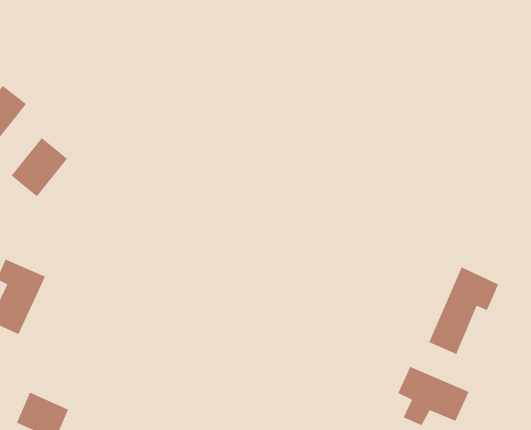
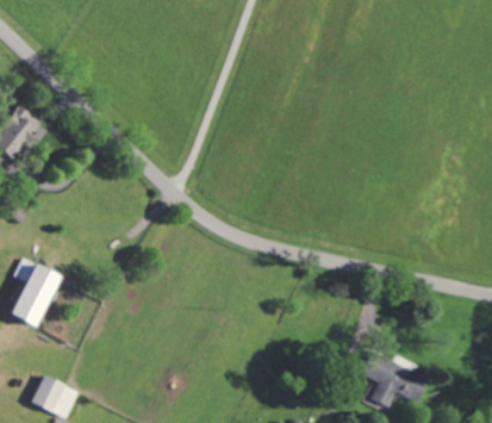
building: [11,137,68,197] -> none
building: [429,266,499,355] -> none

